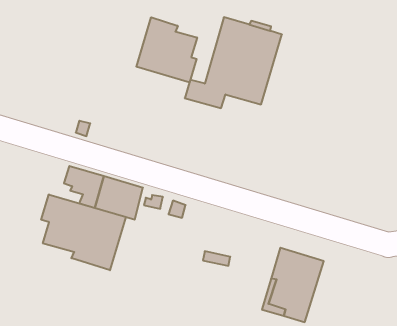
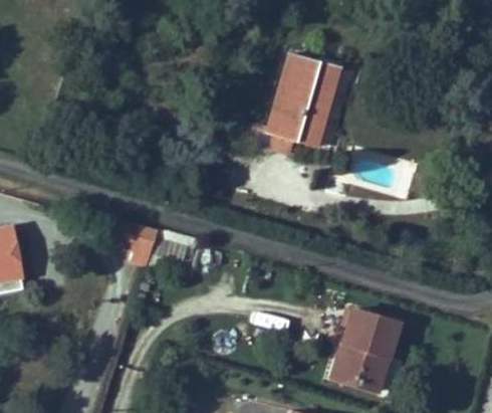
building: [136,17,197,83] -> none
building: [41,194,126,270] -> none

